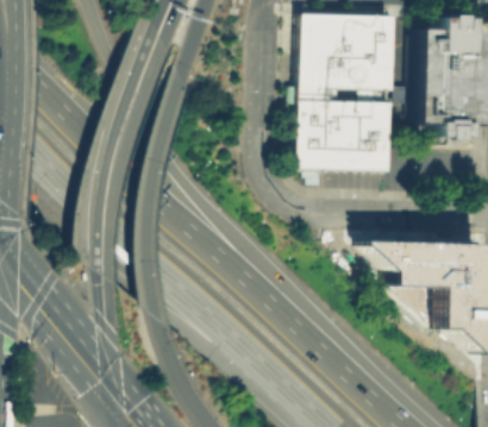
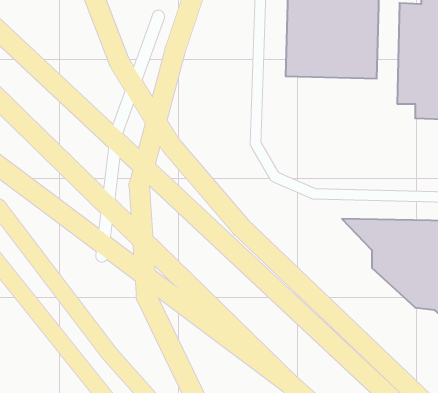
building: [298,98,389,170] -> none

